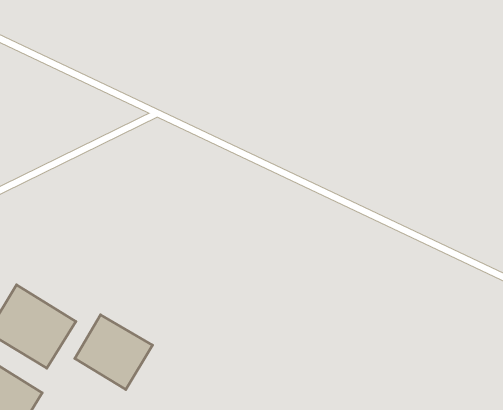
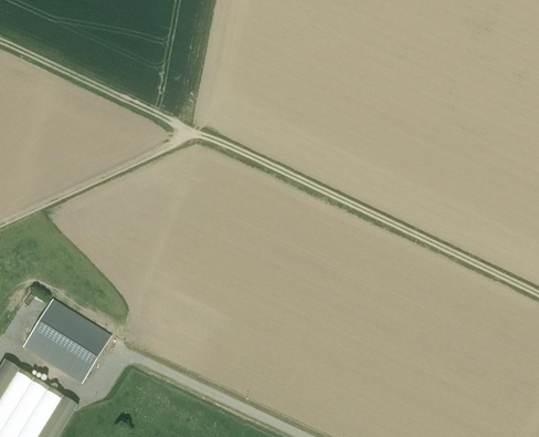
building: [75,315,153,389] -> none

